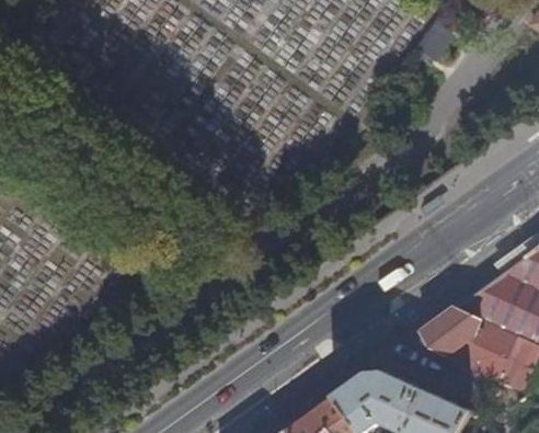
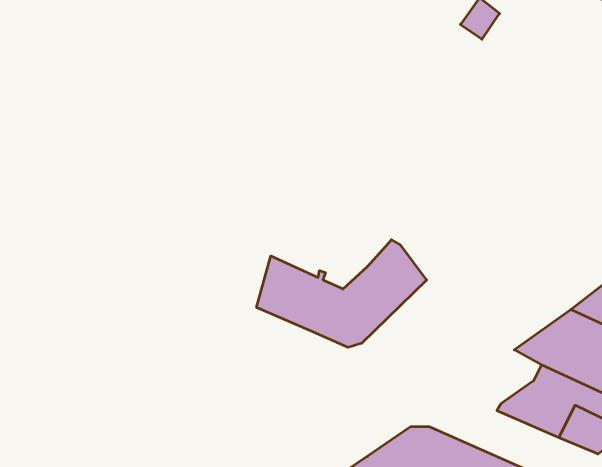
building: none -> [257,240,427,347]
building: [416,309,475,358] -> none

